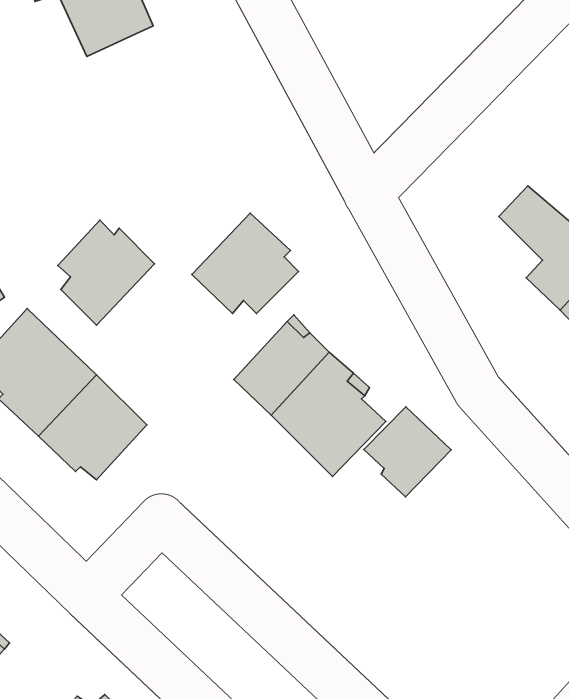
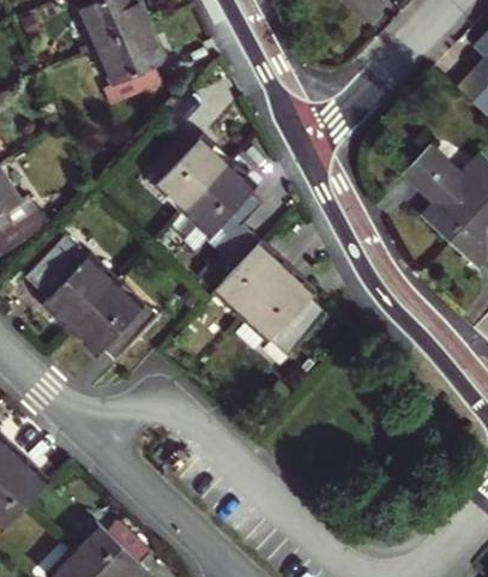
building: none -> [102,25,168,104]
building: [58,220,155,325] -> [151,132,223,210]
building: [364,407,451,497] -> none

